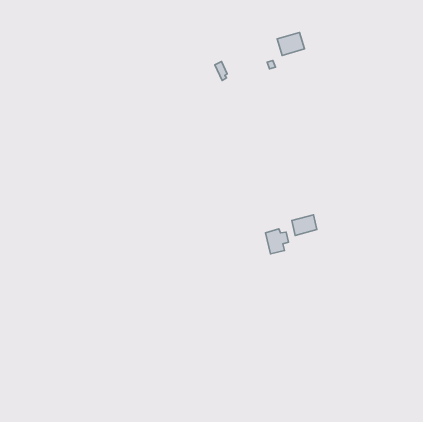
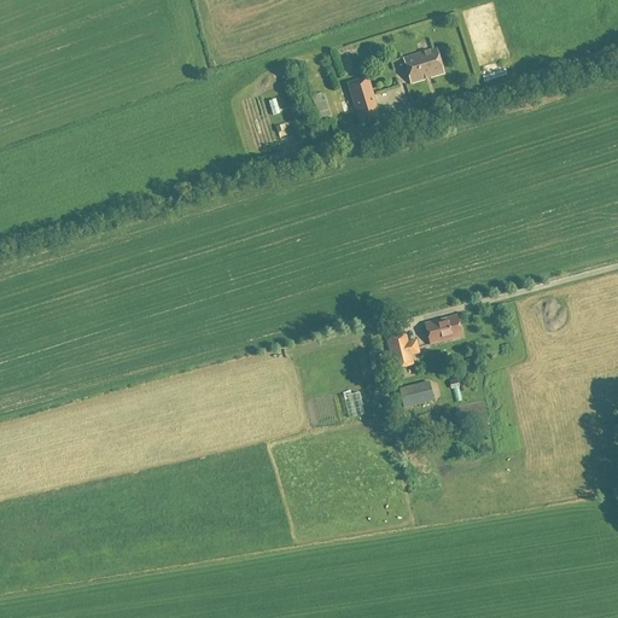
building: none -> [349,80,380,122]
building: none -> [400,379,435,407]

